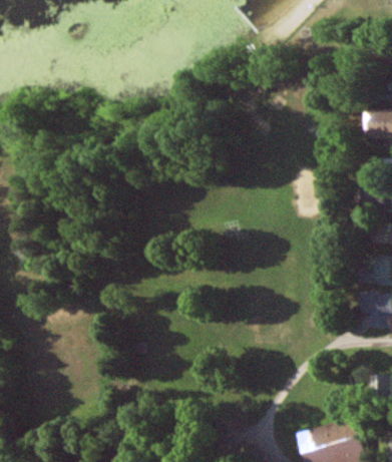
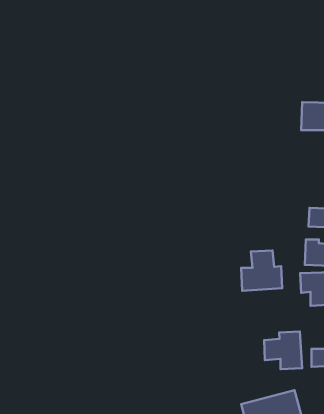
building: none -> [241,251,282,291]
building: none -> [264,332,302,369]

